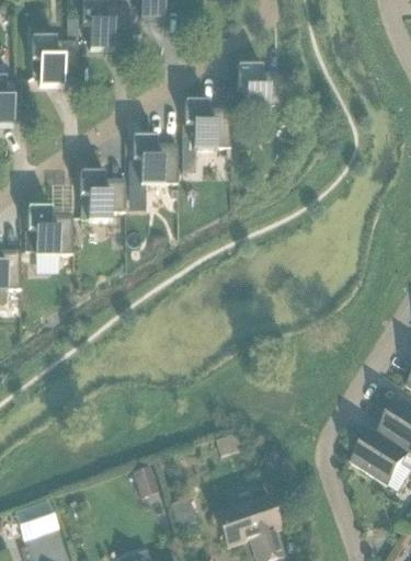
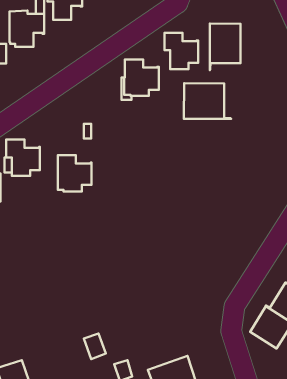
building: none -> [210,23,241,70]
building: none -> [184,83,231,119]
building: [132,137,176,184] -> none
building: [79,172,124,220] -> [58,155,92,192]

